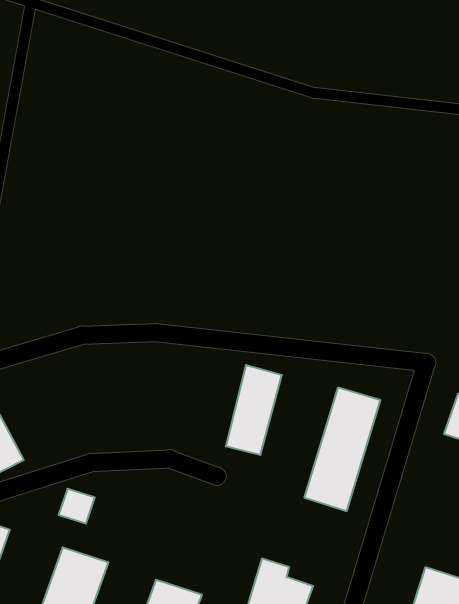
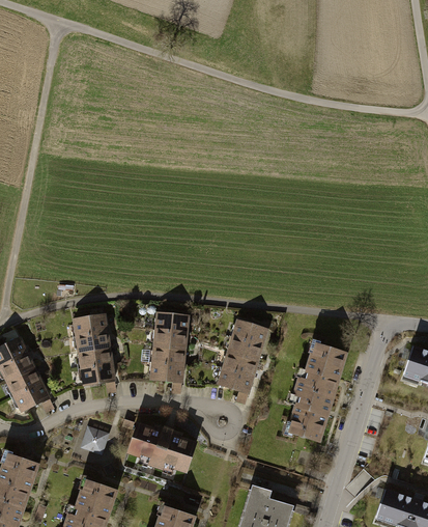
building: none -> [149,315,189,386]
building: none -> [73,317,116,390]
building: none -> [126,420,199,475]

